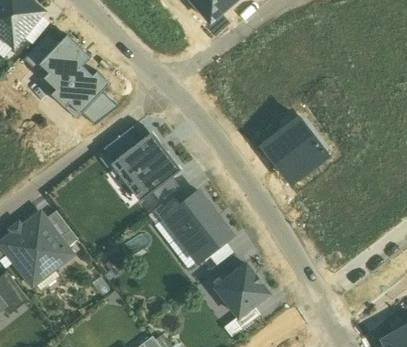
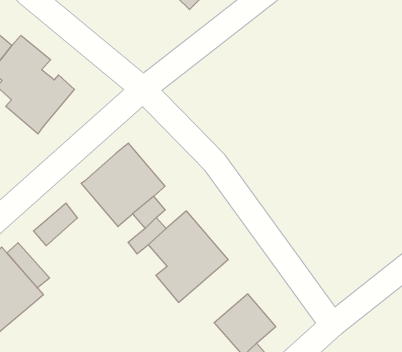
building: [81,92,117,124] -> none
building: [260,116,327,184] -> none
building: [103,126,141,161] -> [33,203,78,246]

